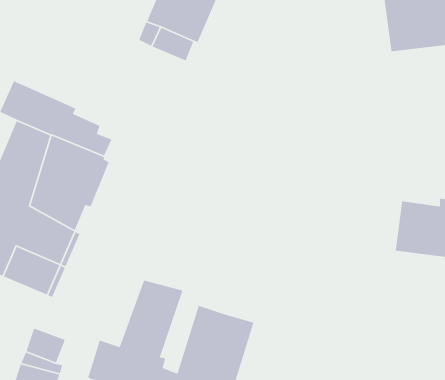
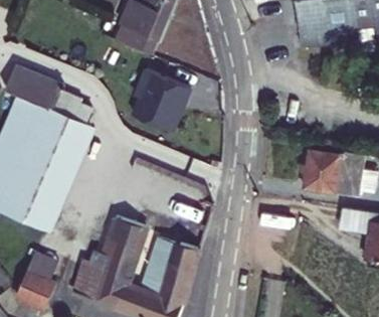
building: none -> [131,67,189,130]

